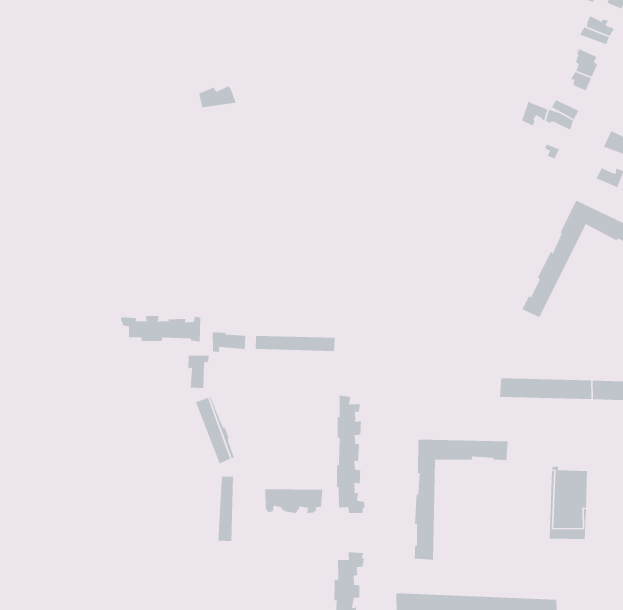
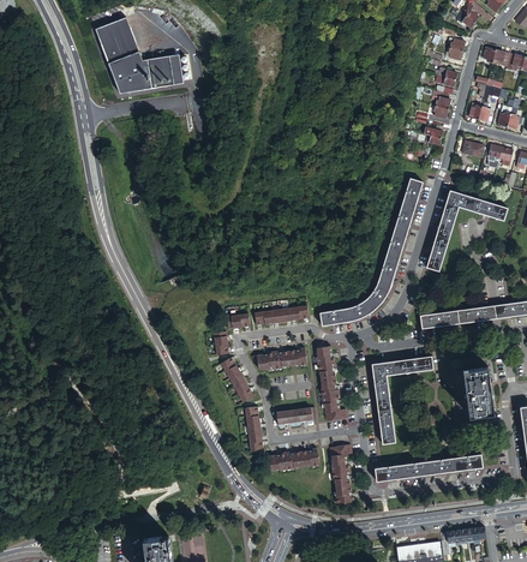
building: none -> [321,178,423,325]
building: [120,315,201,343] -> [252,348,307,371]
building: none -> [270,448,321,471]

